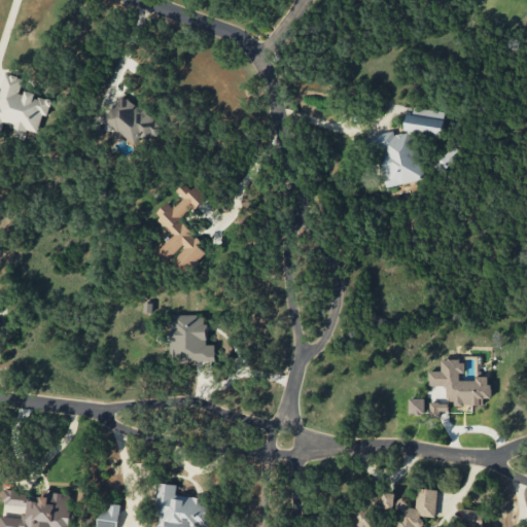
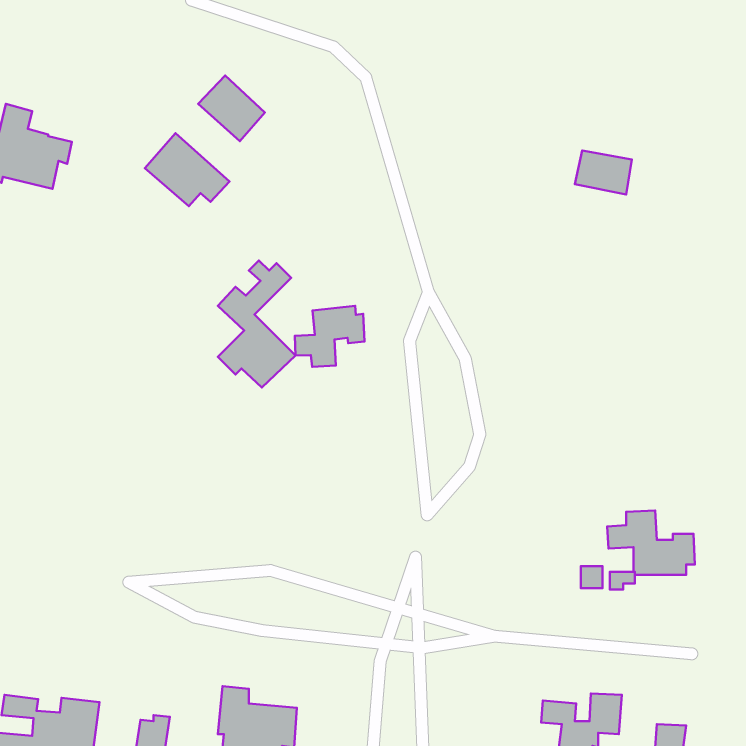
building: none -> [198,75,265,141]
building: [371,131,423,188] -> none
building: none -> [295,306,365,367]
building: [168,315,214,362] -> none

